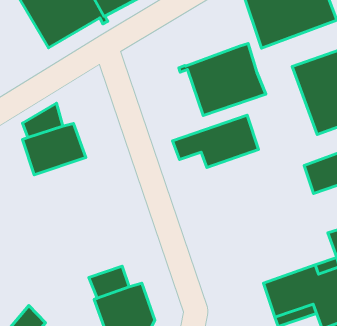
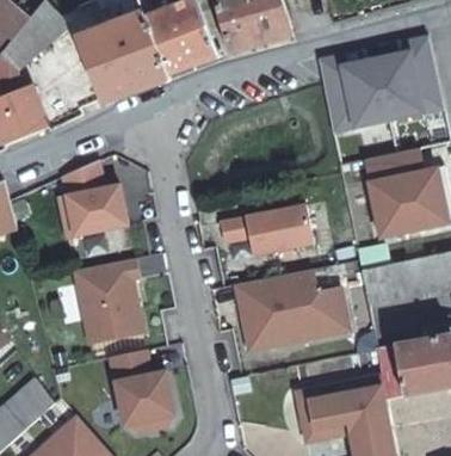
building: [179,43,266,116] -> none
building: none -> [237,269,351,350]
building: none -> [74,263,142,343]

